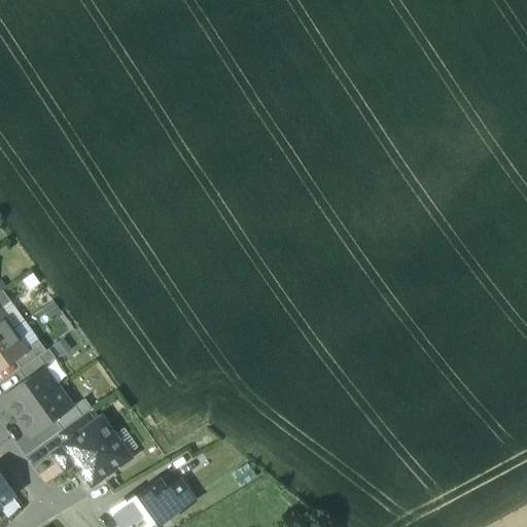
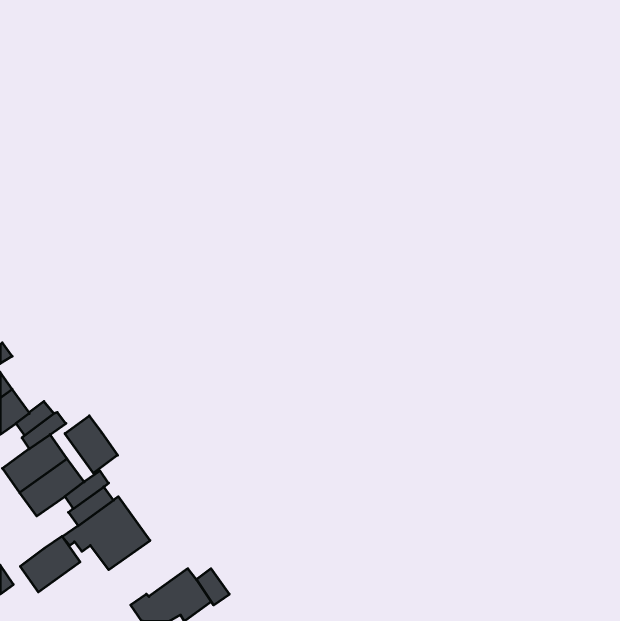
building: none -> [65,416,118,473]
building: none -> [20,536,80,592]

